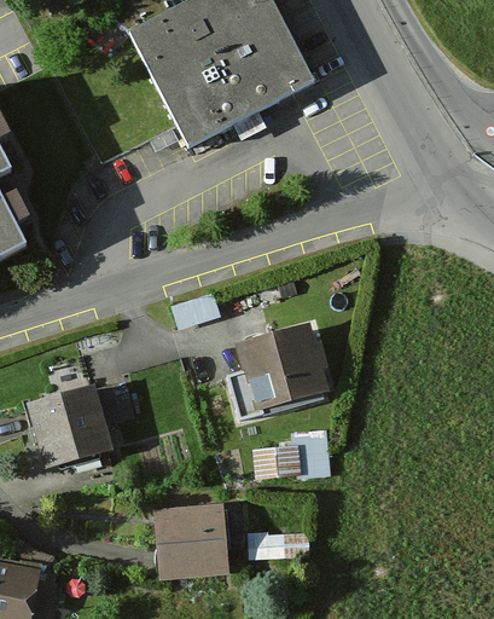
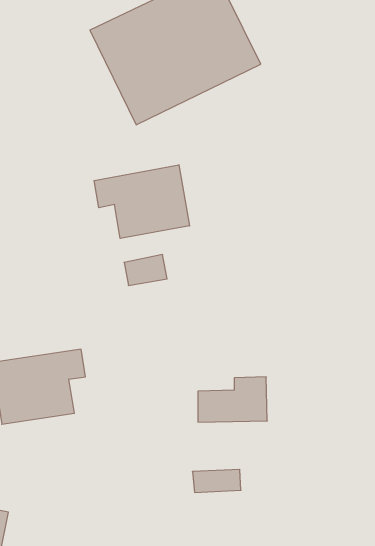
building: none -> [94,165,190,238]
building: [239,326,329,409] -> none
building: [152,505,228,578] -> none

